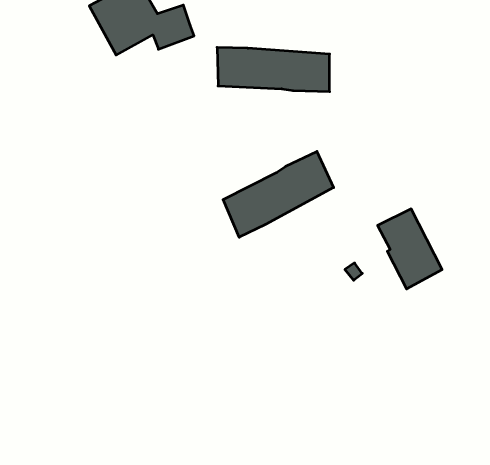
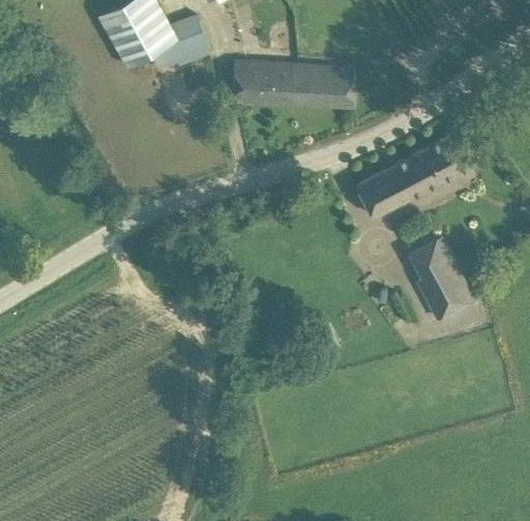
building: none -> [357,129,476,216]
building: [223,151,334,237] -> none

